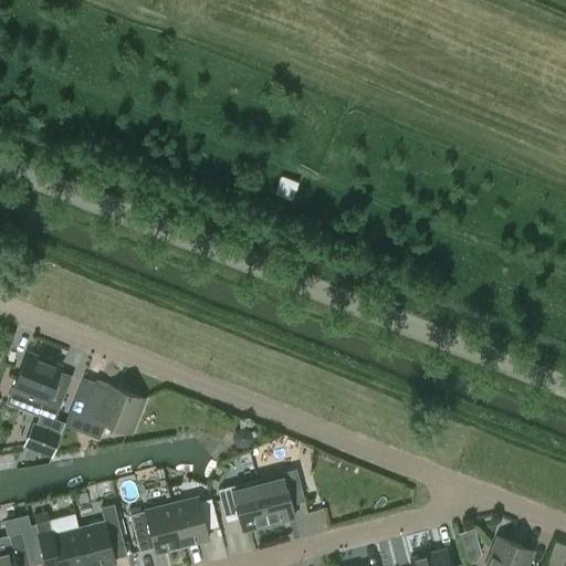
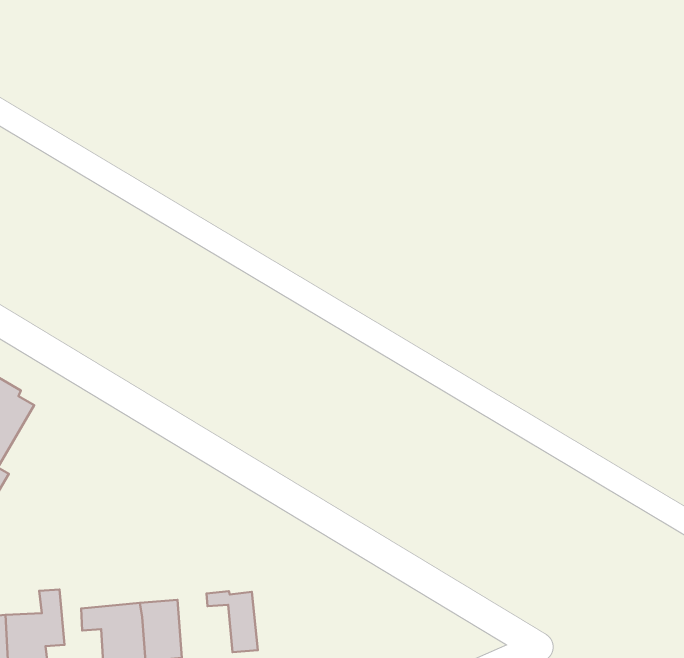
building: [81,385,143,433] -> none
building: [249,470,303,525] -> none

